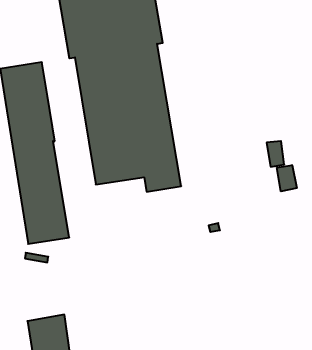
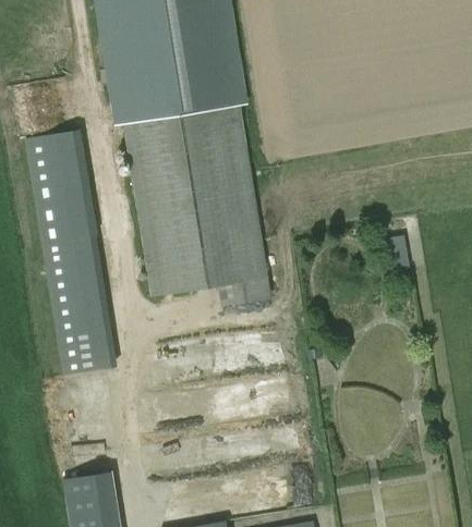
building: [277,165,297,191] -> none

